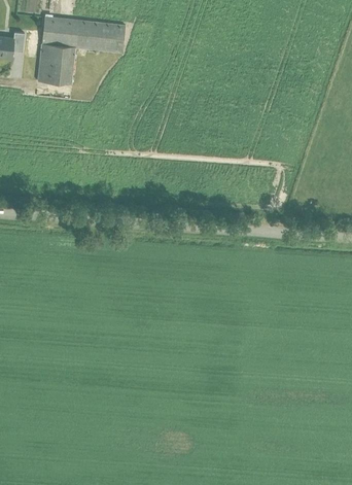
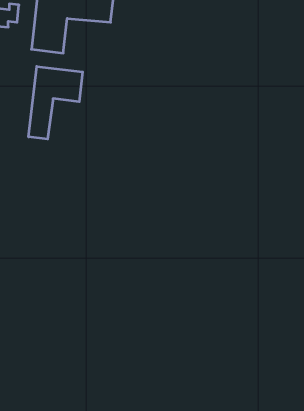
building: none -> [29,66,83,139]

